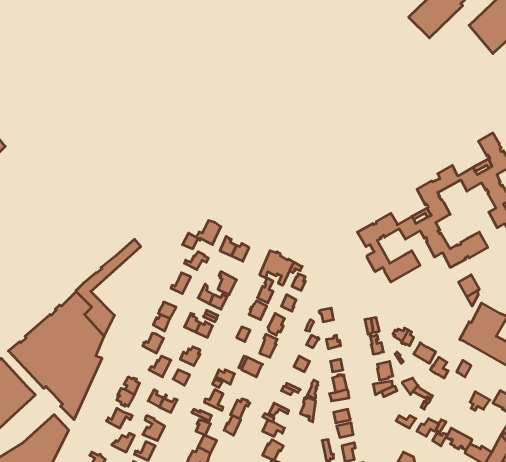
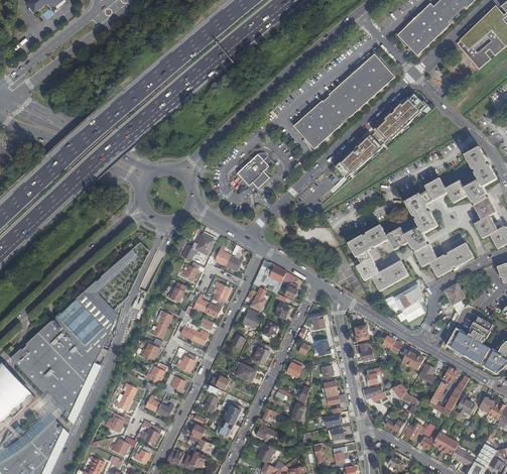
building: none -> [293,53,395,148]
building: none -> [336,92,426,180]
building: none -> [233,153,272,196]
building: none -> [395,283,423,310]
building: none -> [427,375,469,416]

